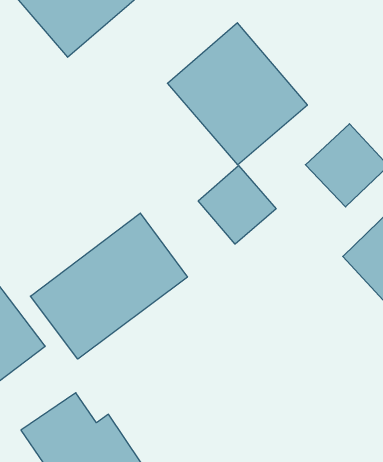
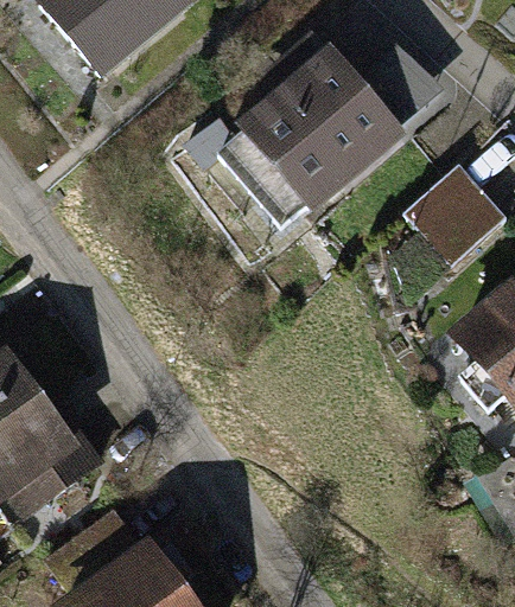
building: [198,166,276,244] -> none
building: [30,213,187,359] -> none

